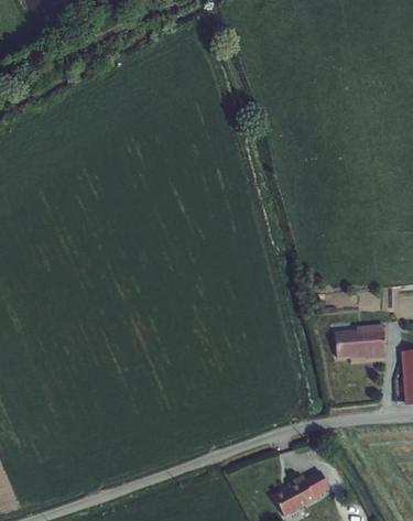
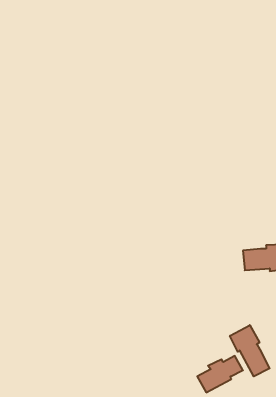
building: none -> [230,325,270,376]

